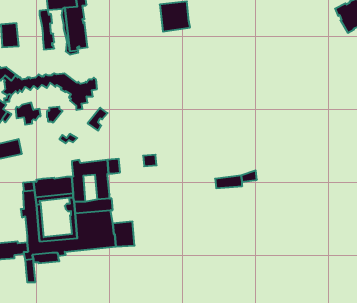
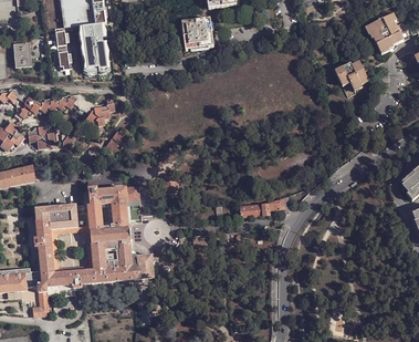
building: none -> [335,61,367,87]

